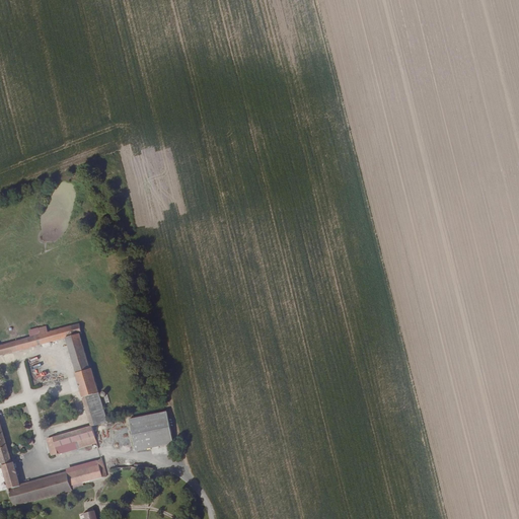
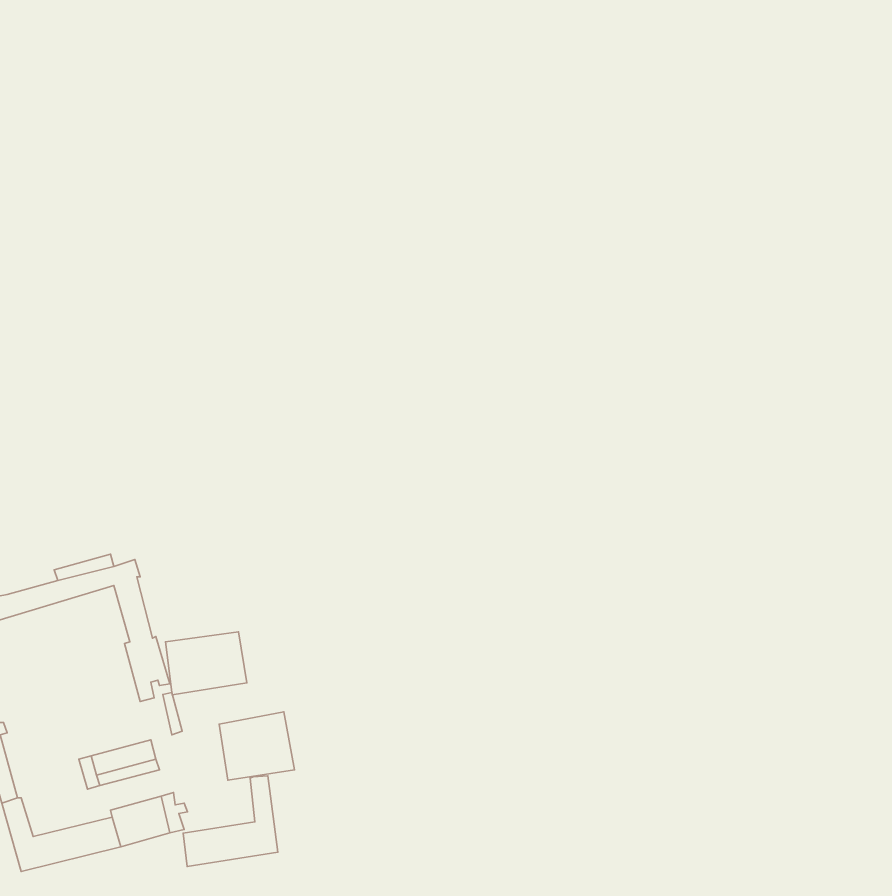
building: none -> [165,632,247,695]
building: none -> [183,776,278,867]

